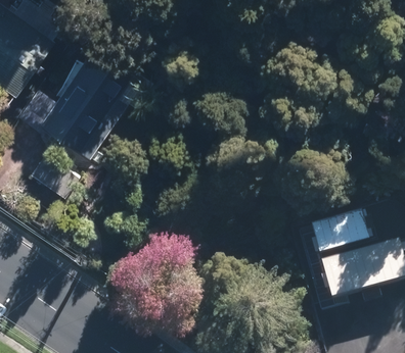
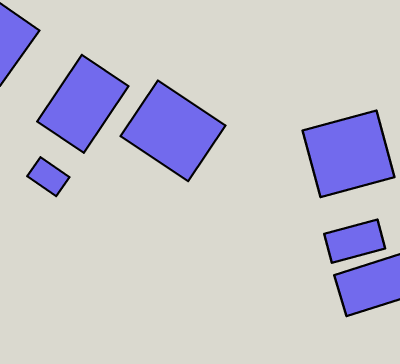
building: none -> [121,80,225,181]
building: none -> [303,111,394,197]

